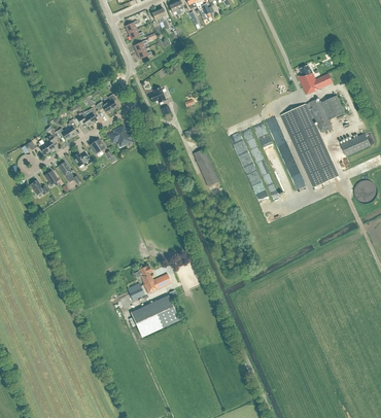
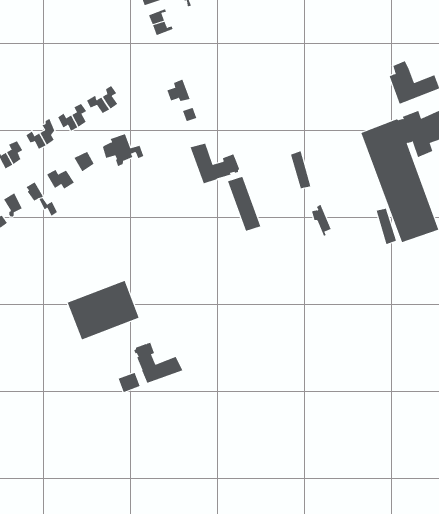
building: none -> [190,143,240,184]
building: [130,294,179,337] -> [67,280,140,340]

